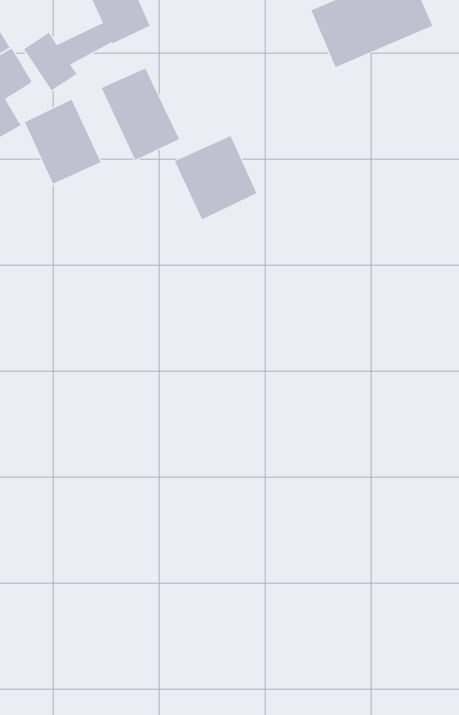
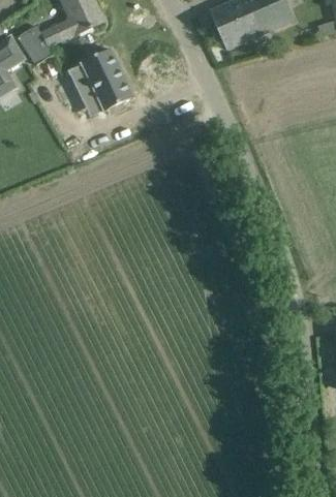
building: [24,99,102,185] -> none
building: [174,135,257,220] -> none

